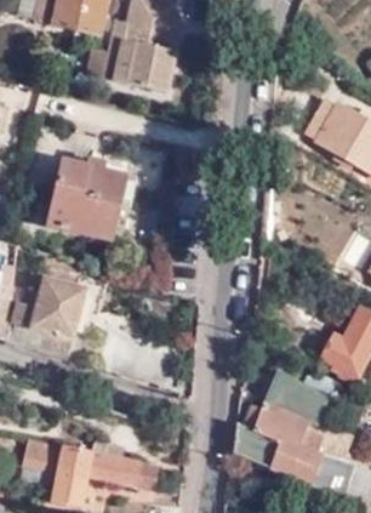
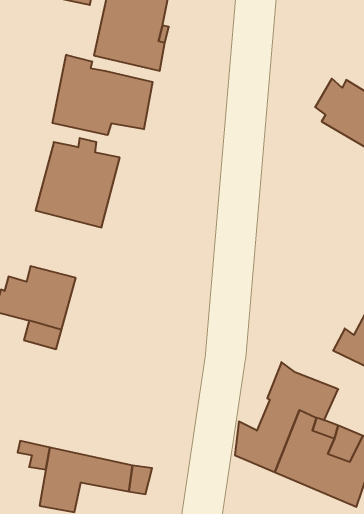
building: none -> [53,55,153,135]

